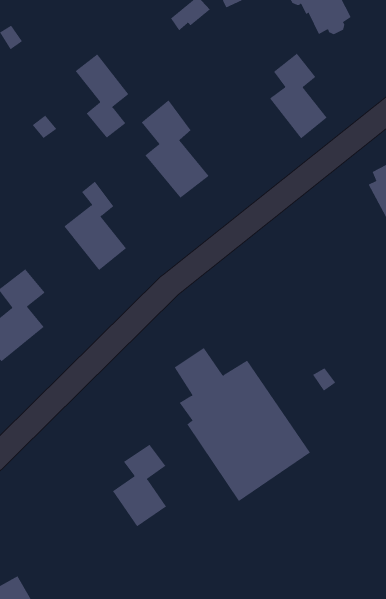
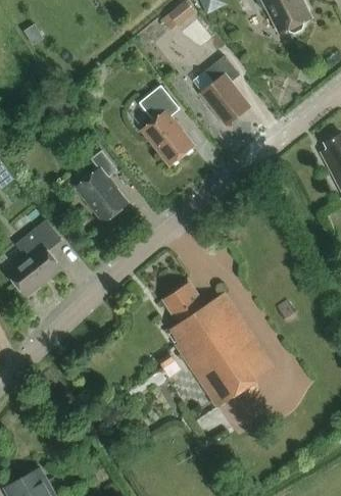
building: [269,53,328,139] -> [202,54,249,123]
building: [75,54,129,138] -> none
building: [112,444,167,527] -> none

